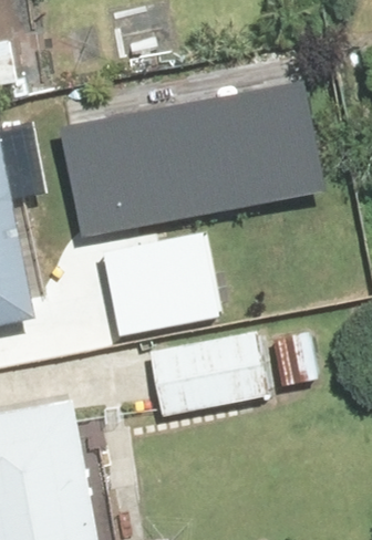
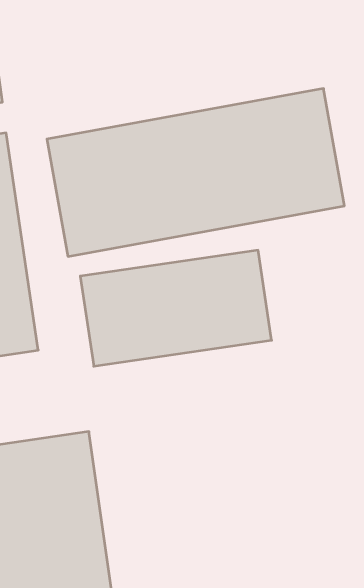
building: [147,328,273,415] -> none

